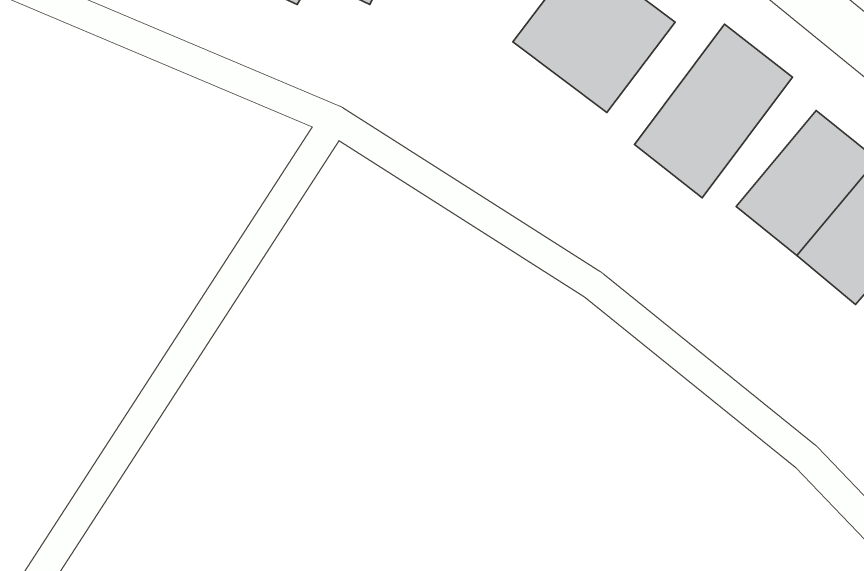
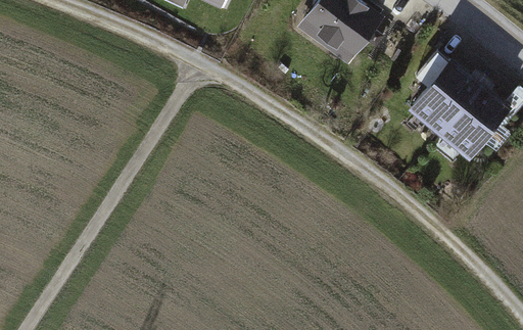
building: [634,24,793,198] -> none

